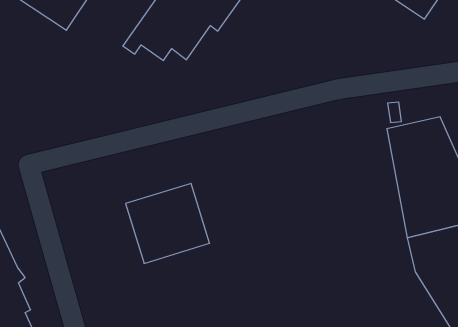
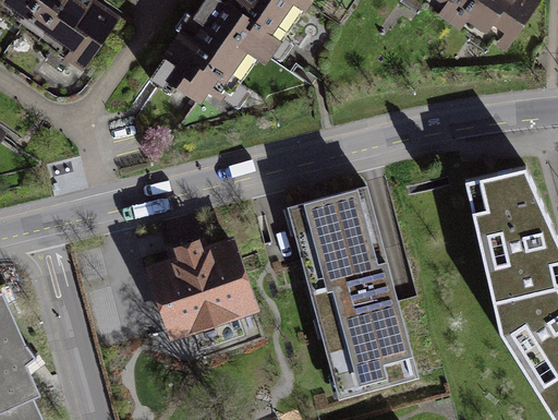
building: none -> [290,187,418,395]

